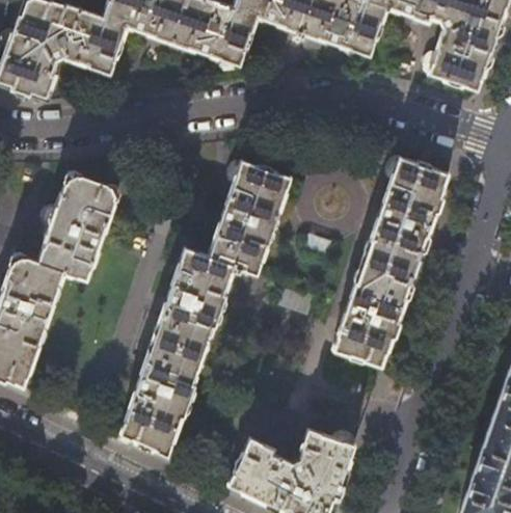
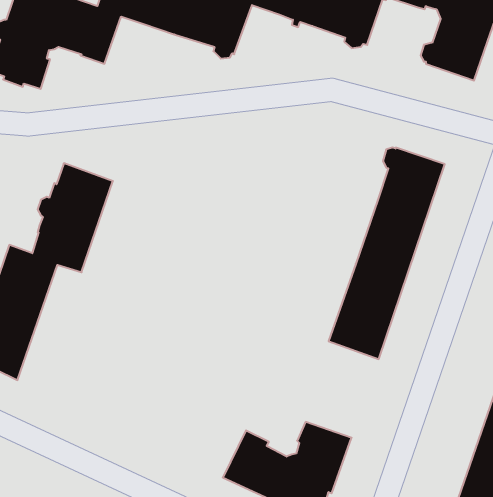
building: [120,161,291,457] -> none

